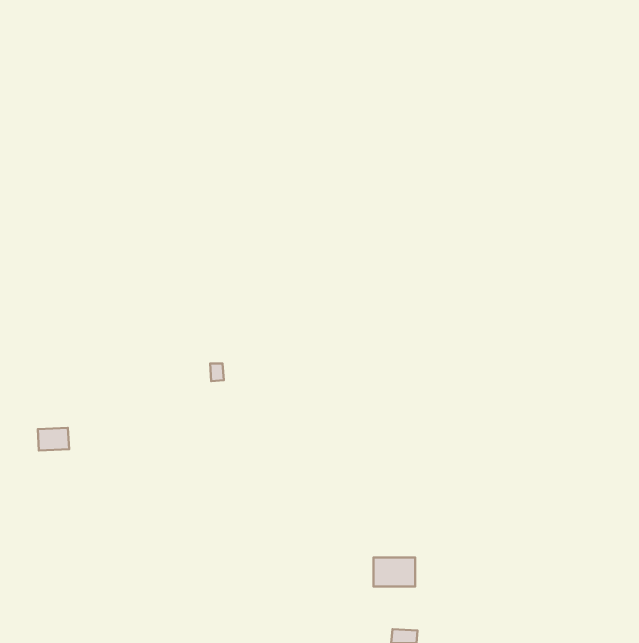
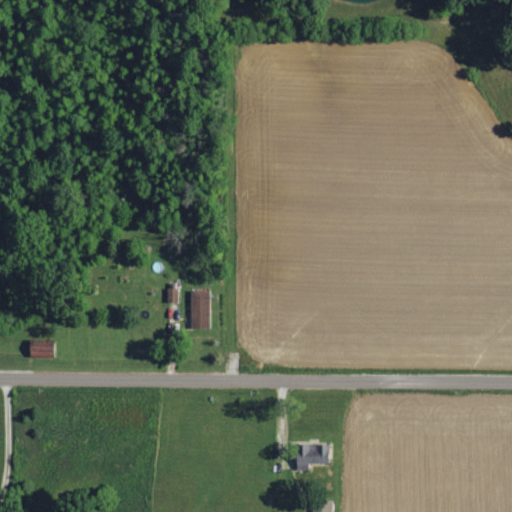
building: none -> [190,292,209,329]

